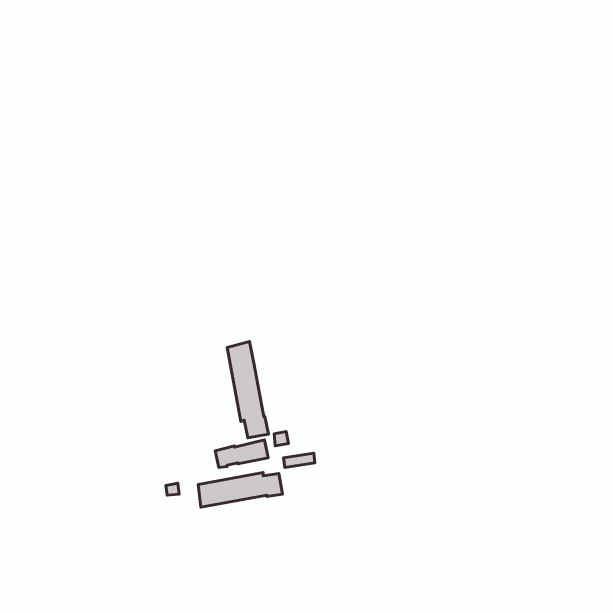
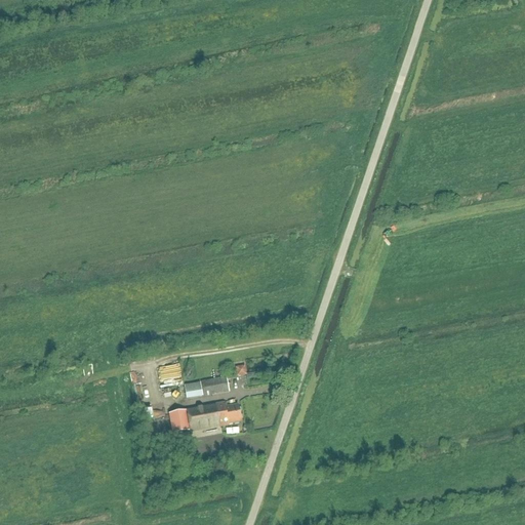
building: [227,341,269,438] -> none

